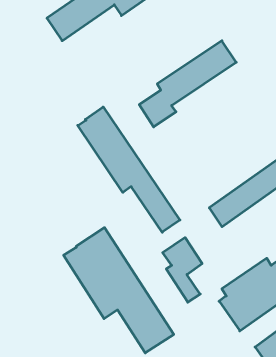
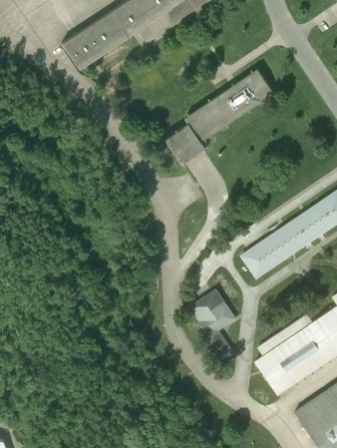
building: [78,107,180,232] -> none
building: [64,228,174,353] -> none

